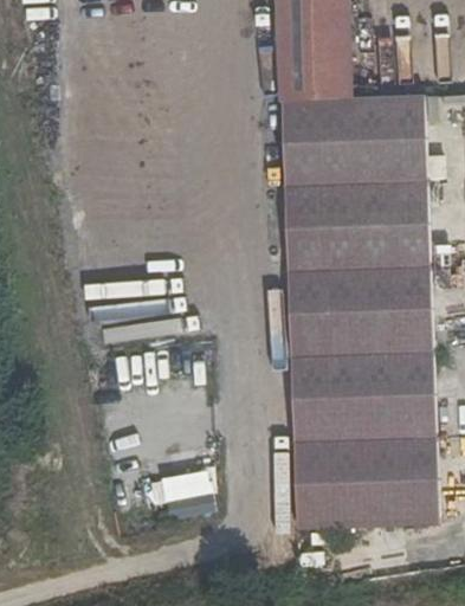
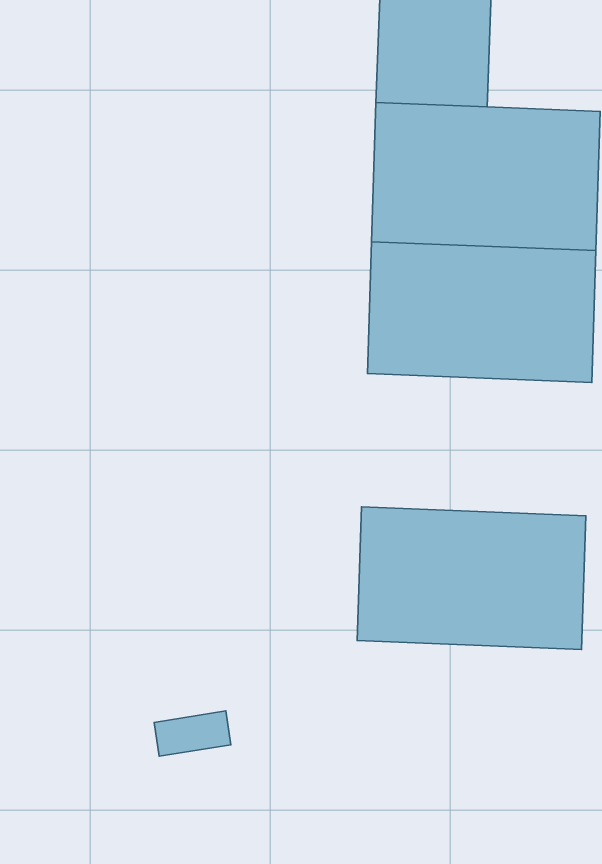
building: [288,265,433,355] -> none
building: [293,436,439,528] -> none

